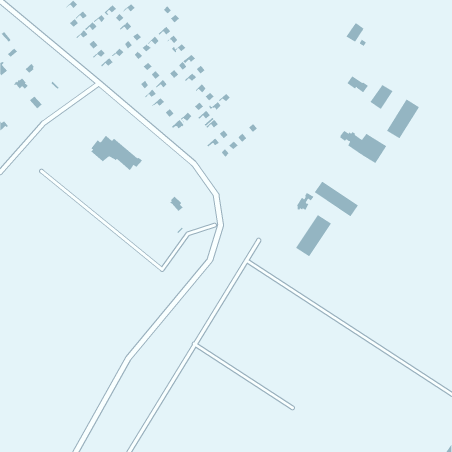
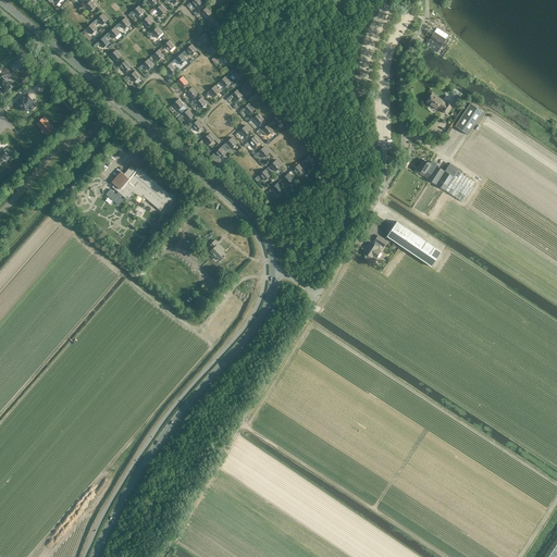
building: [386,99,420,139] -> none
building: [295,214,332,257] -> none

